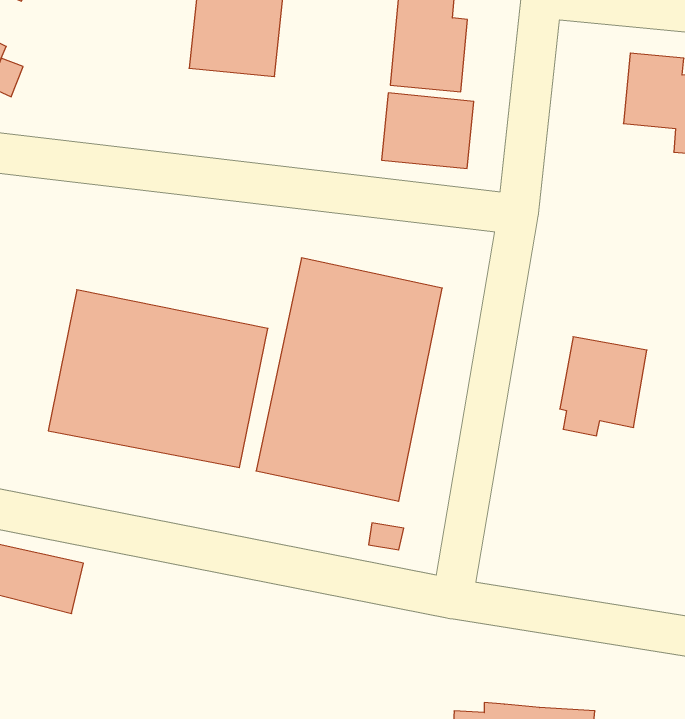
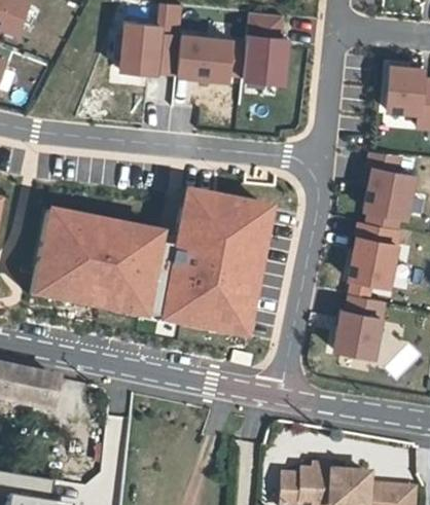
building: [382,93,474,168] -> [177,38,234,84]
building: none -> [362,170,417,229]
building: none -> [332,297,384,362]

